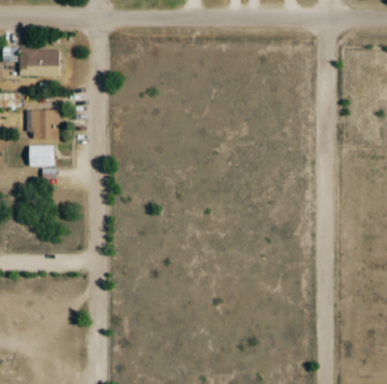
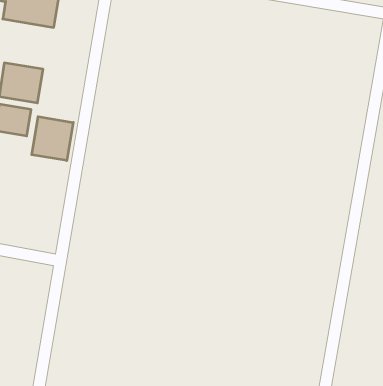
building: none -> [32,117,73,161]

